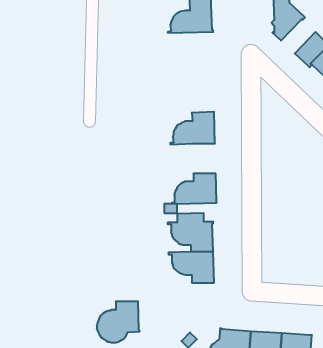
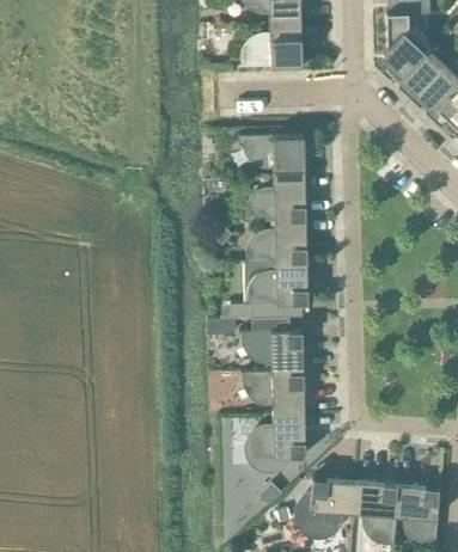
building: none -> [397,48,445,96]
building: none -> [240,135,304,178]
building: none -> [244,221,306,264]
building: [97,301,140,343] -> [246,415,306,472]

